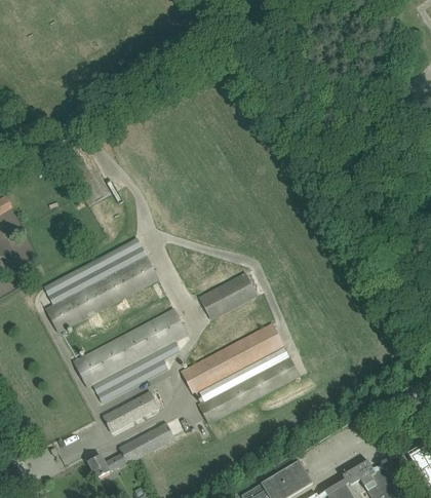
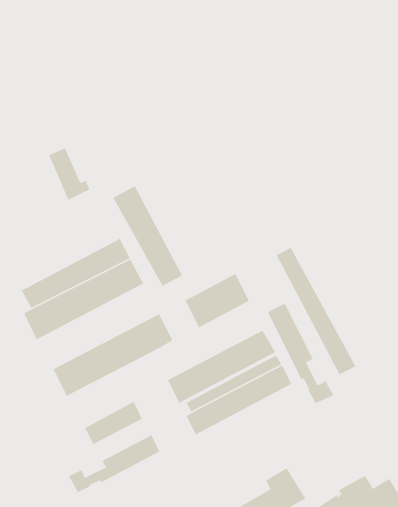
building: none -> [112,185,183,287]
building: none -> [276,247,357,376]
building: none -> [267,302,334,404]
building: [91,341,180,403] -> none

